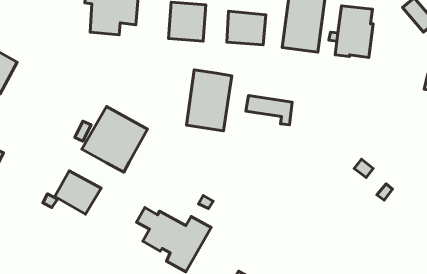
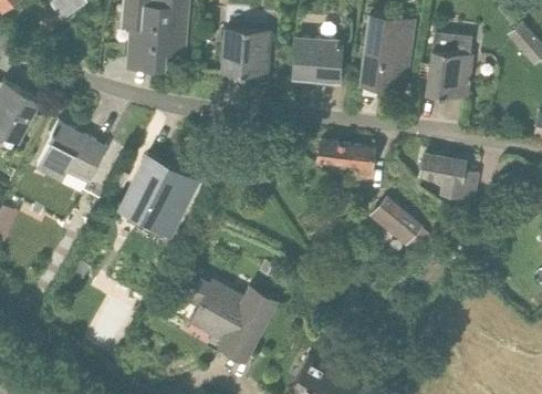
building: [187,70,232,131] -> none
building: none -> [37,122,107,180]
building: none -> [418,157,478,203]
building: none -> [372,200,429,253]
building: [55,171,101,214] -> none

